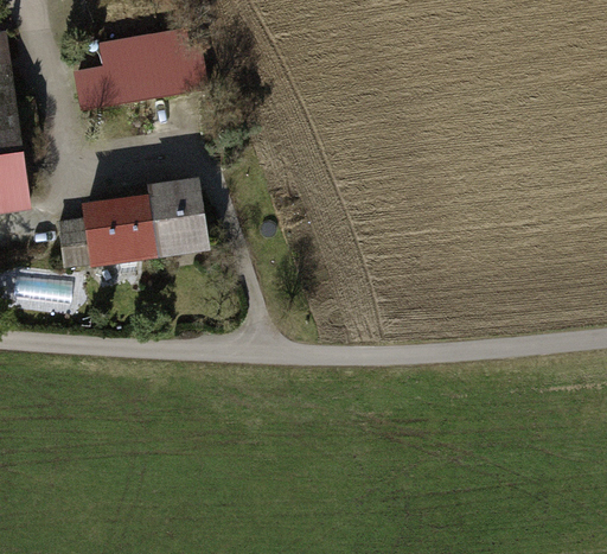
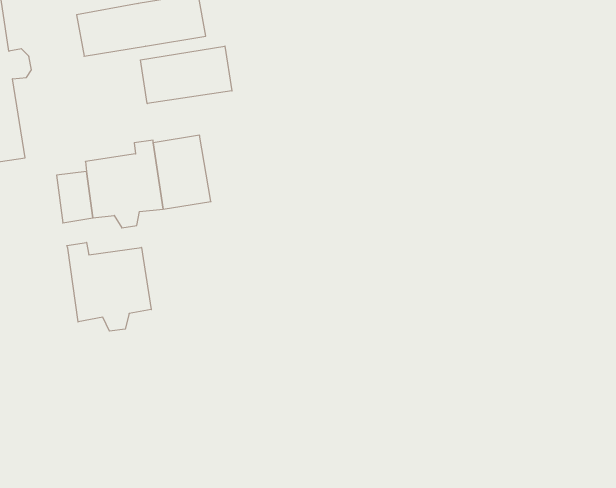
building: none -> [141,46,232,104]
building: none -> [67,242,151,331]

